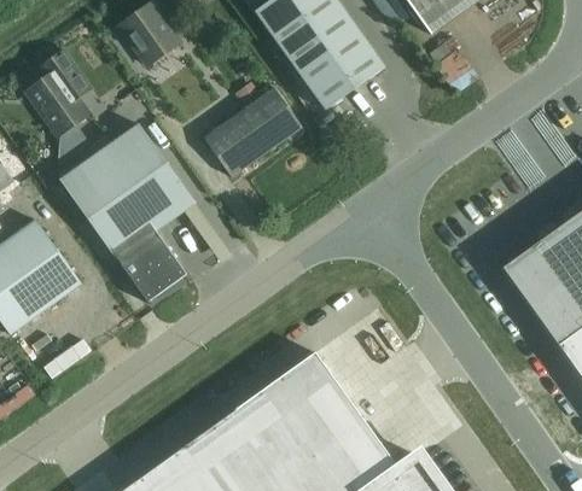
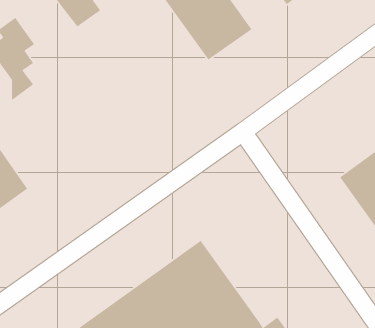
building: [203,87,302,177] -> none
building: [59,124,194,304] -> none

